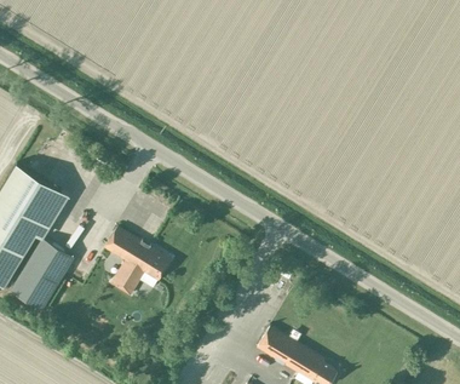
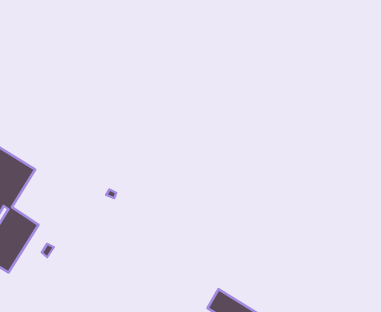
building: [105,227,171,296] -> none

